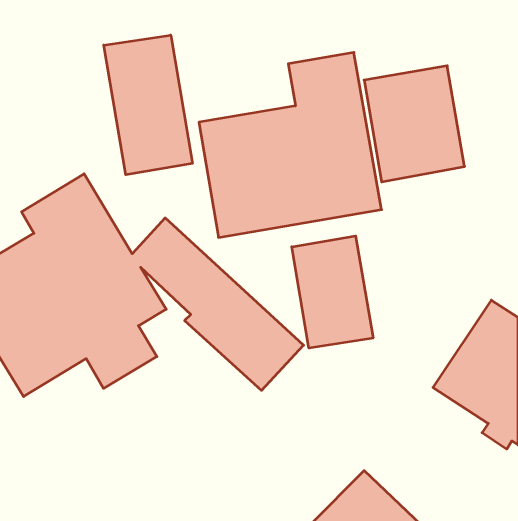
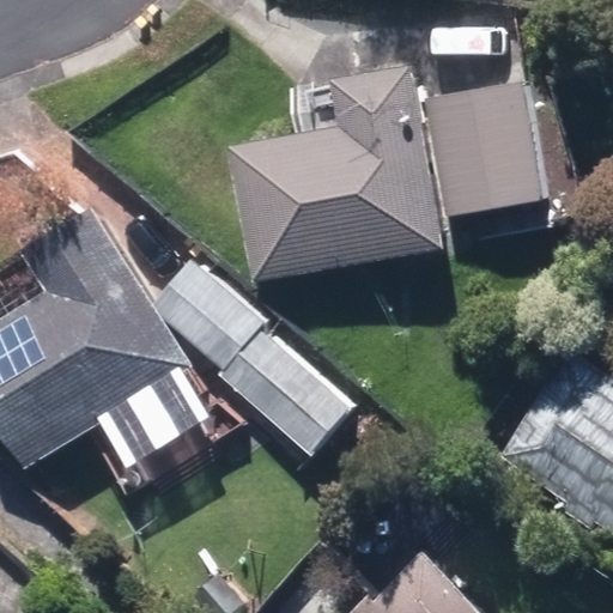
building: [104,35,192,175] -> none
building: [292,236,373,348] -> none

